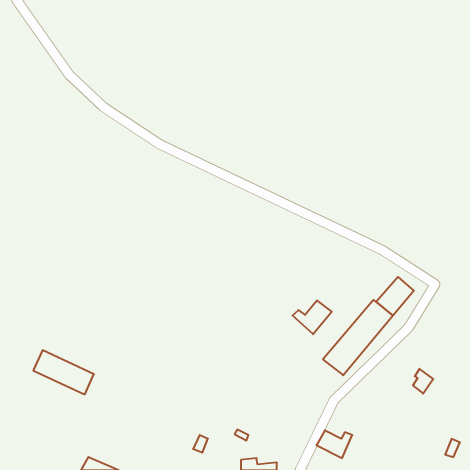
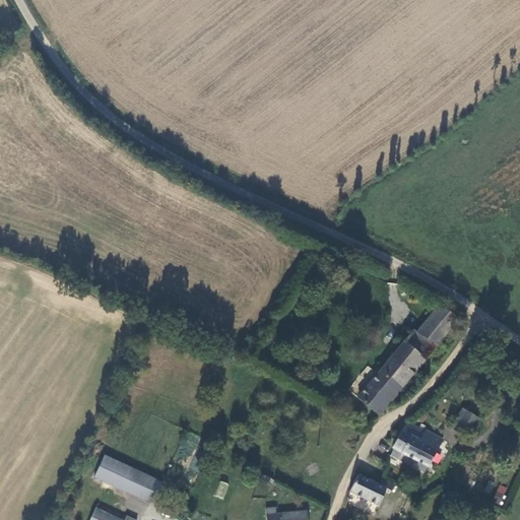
building: [293,300,332,334] -> none
building: [33,350,94,394] -> [94,456,161,505]
building: none -> [393,422,442,467]

